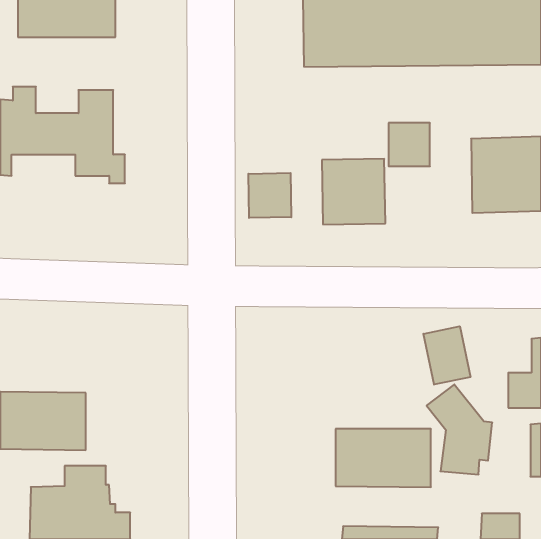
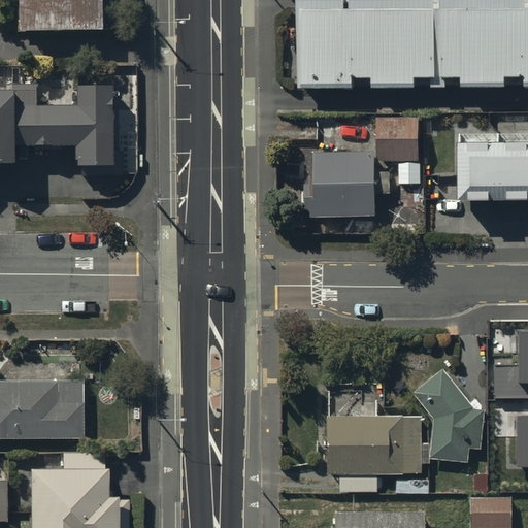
building: [248,173,291,218] -> none
building: [423,326,470,385] -> none

